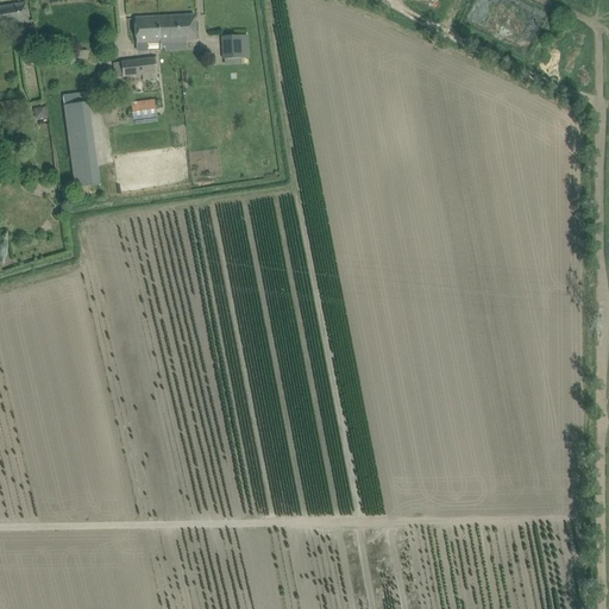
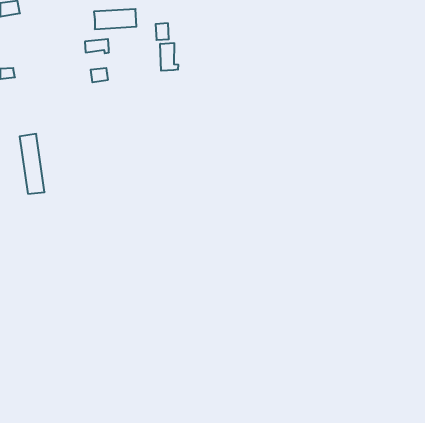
building: none -> [160,43,178,71]
building: [63,100,99,186] -> [20,134,45,194]

